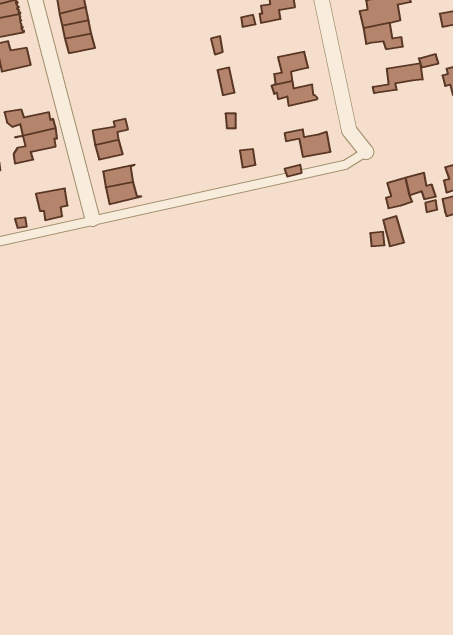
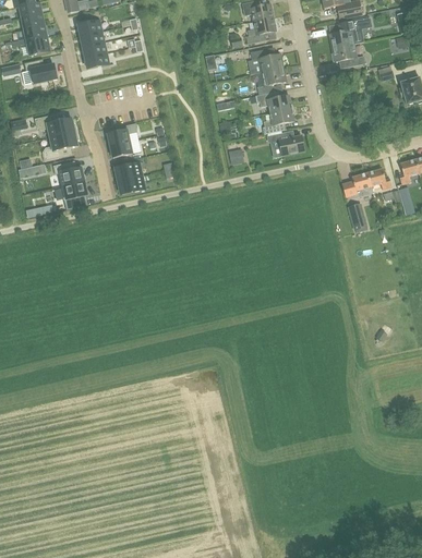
building: none -> [250,47,282,71]
building: [373,63,423,93] -> none
building: none -> [263,106,294,133]
building: none -> [52,160,84,184]

